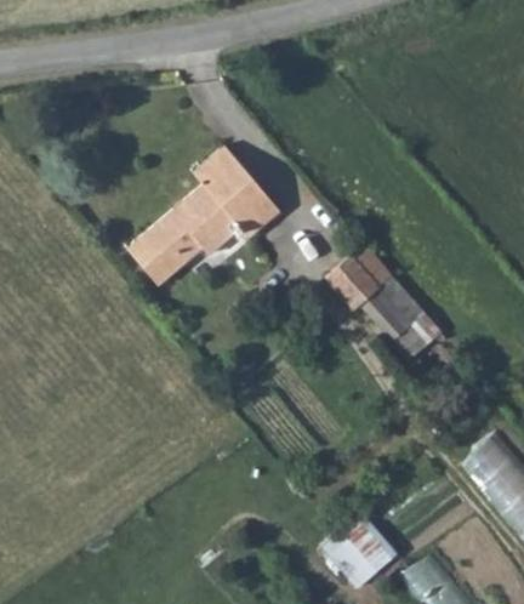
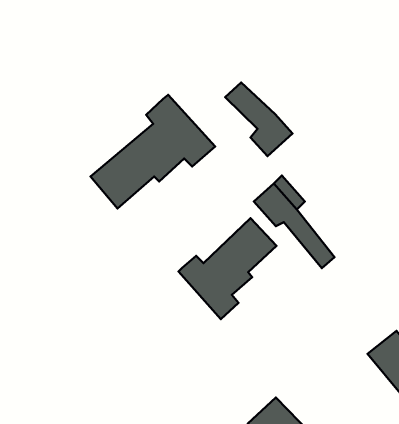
building: none -> [225,83,293,156]
building: none -> [178,218,277,319]

